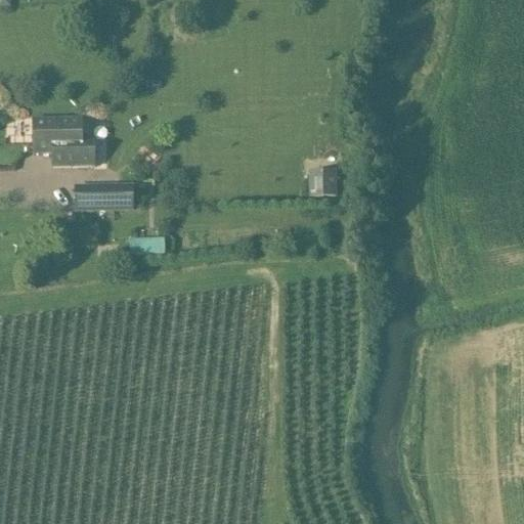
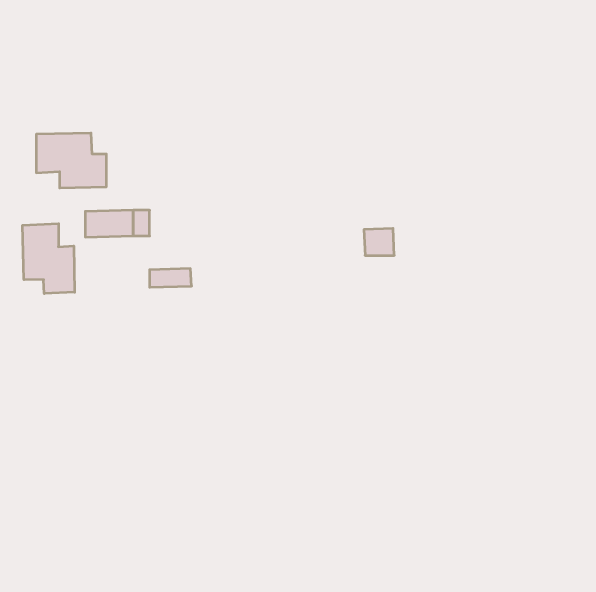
building: [311,170,338,193] -> [364,228,394,255]
building: none -> [23,224,75,294]

